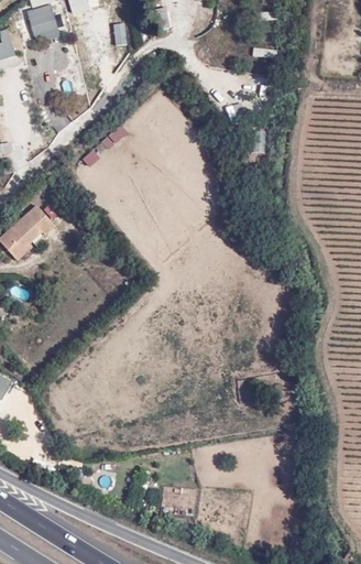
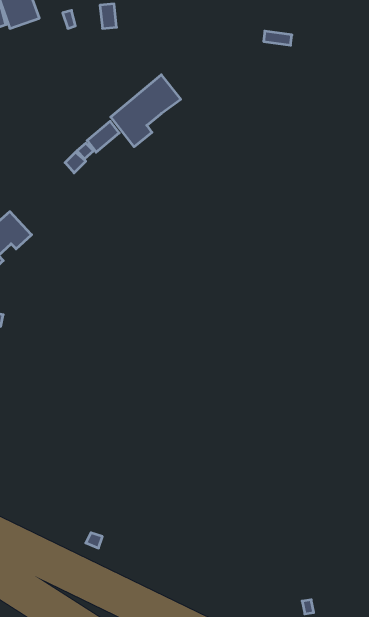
building: none -> [111,75,181,147]

